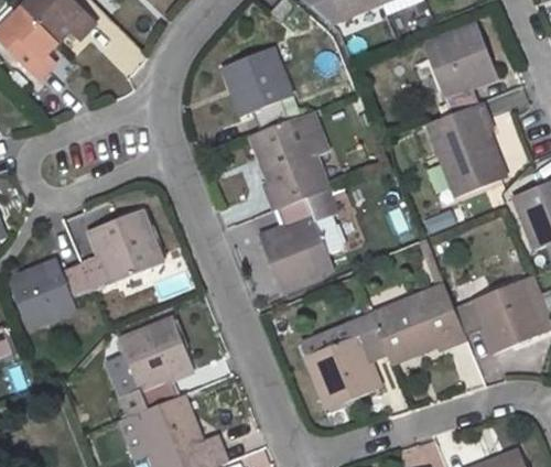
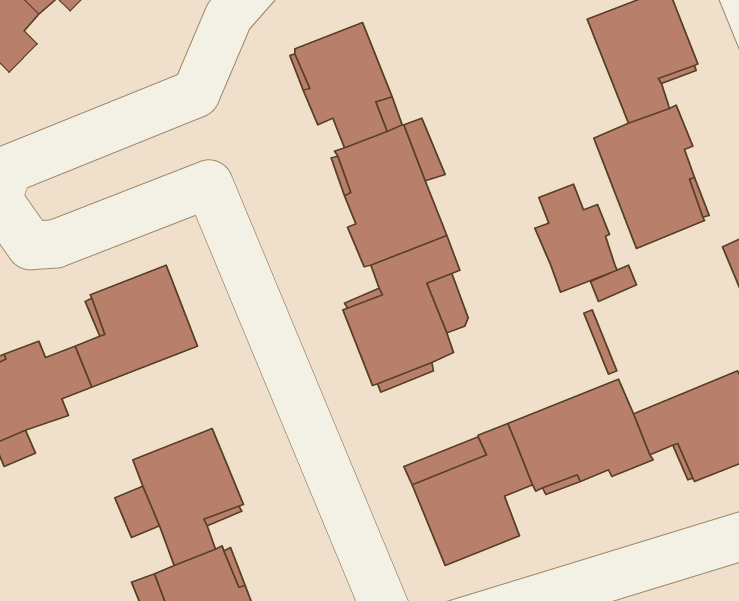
building: none -> [535,184,617,292]

